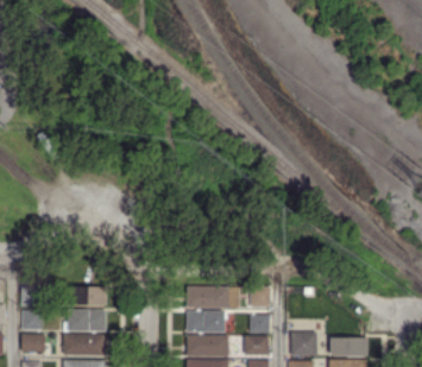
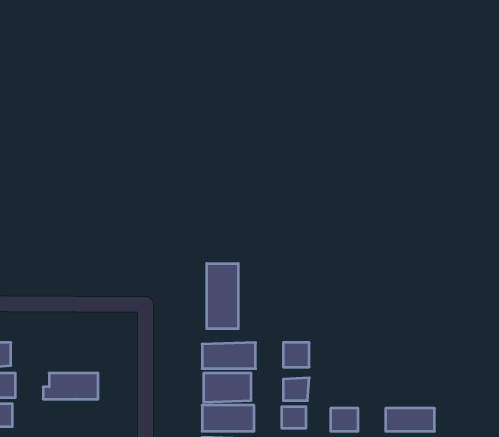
building: none -> [207,263,238,329]
building: [69,286,108,304] -> none
building: [63,334,106,354] -> none

